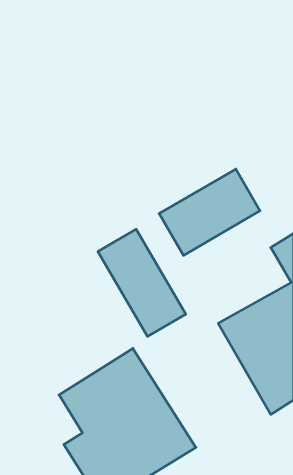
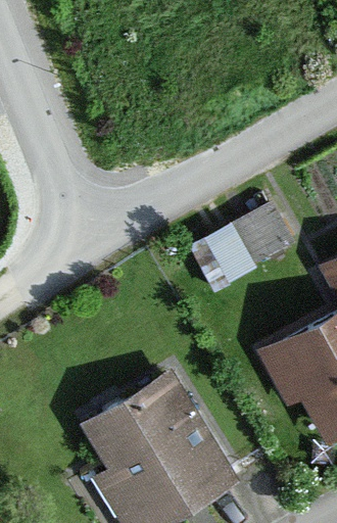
building: [98,229,186,336] -> none

